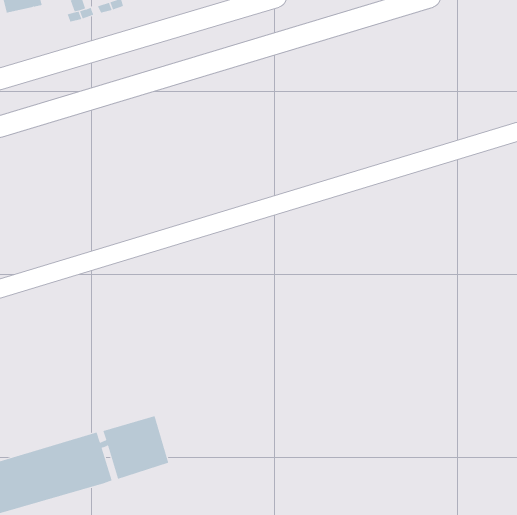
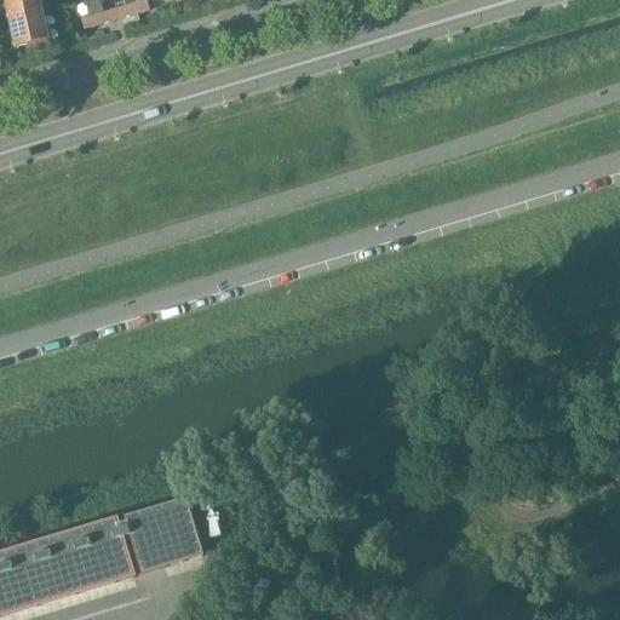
building: none -> [7,8,46,45]

